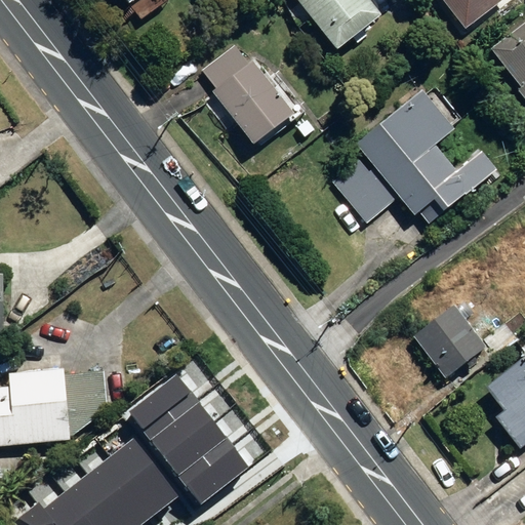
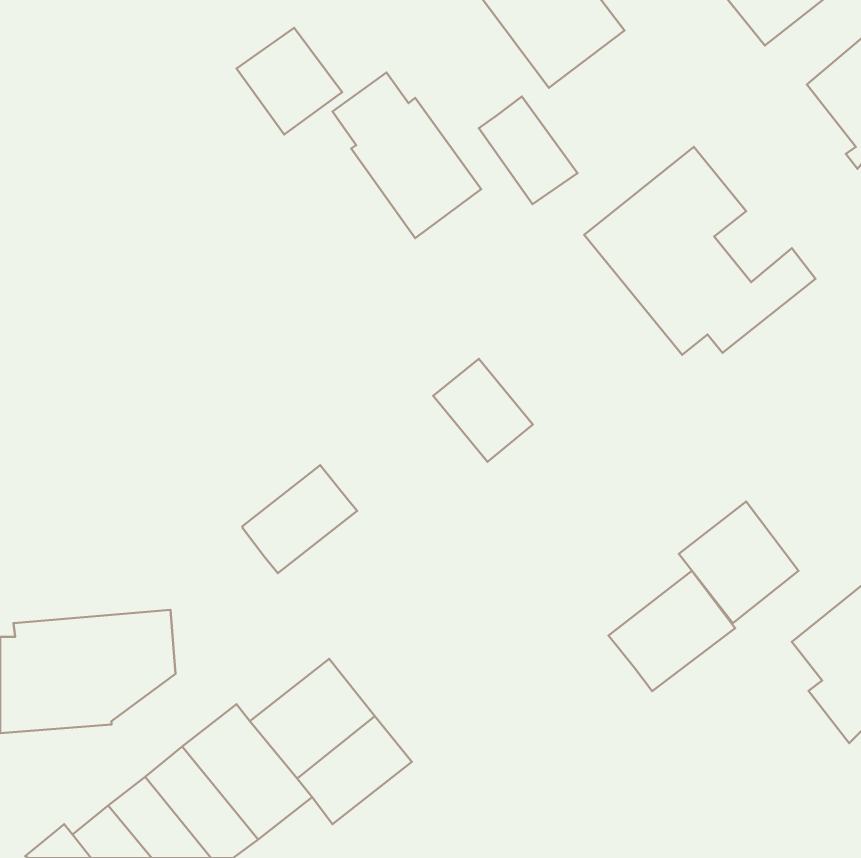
building: none -> [237,28,342,134]
building: none -> [479,96,577,204]
building: [334,158,395,220] -> [433,359,533,462]
building: none -> [609,571,735,691]
building: [131,372,201,438] -> [242,465,357,573]

